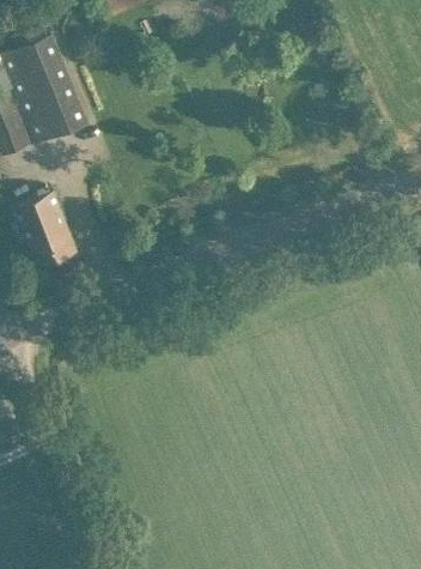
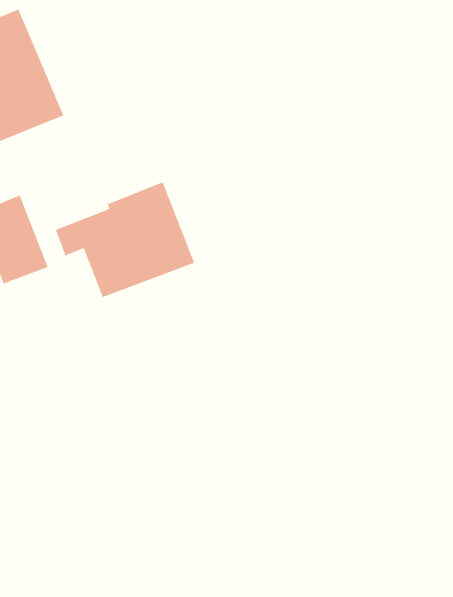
building: none -> [55,181,195,298]

